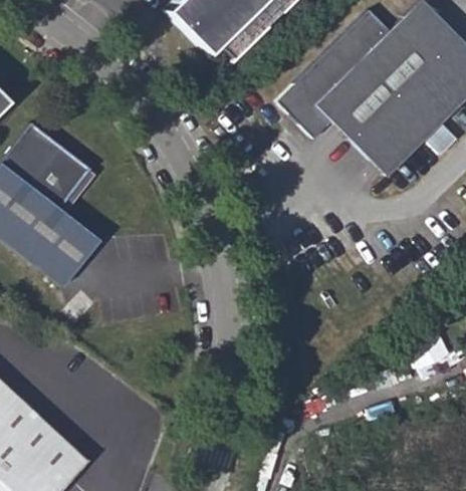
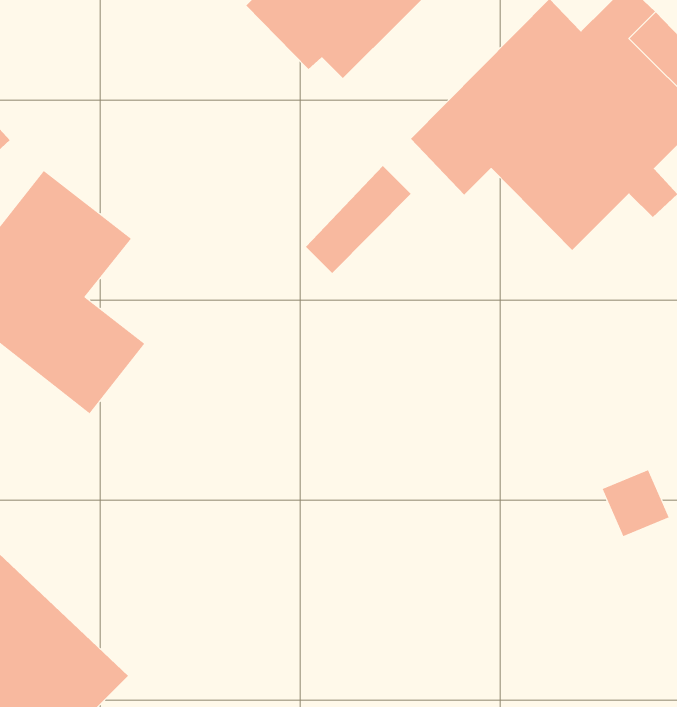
building: none -> [305,165,411,274]

